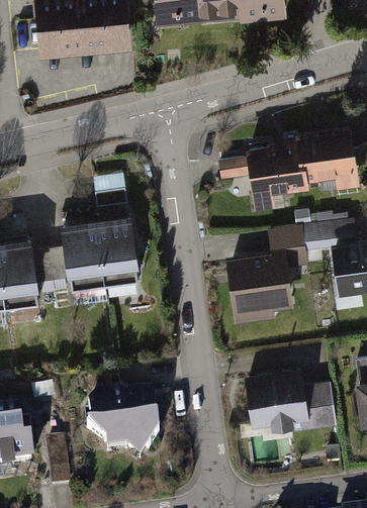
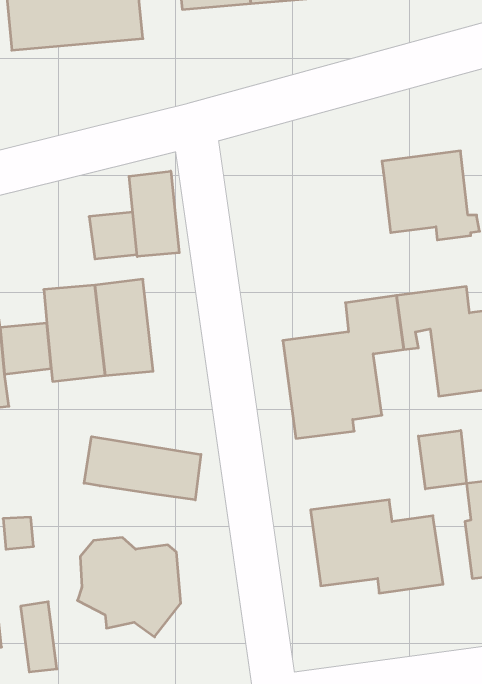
building: none -> [129,171,179,257]
building: [217,142,303,214] -> none
building: none -> [418,430,466,489]
building: none -> [84,437,201,500]

